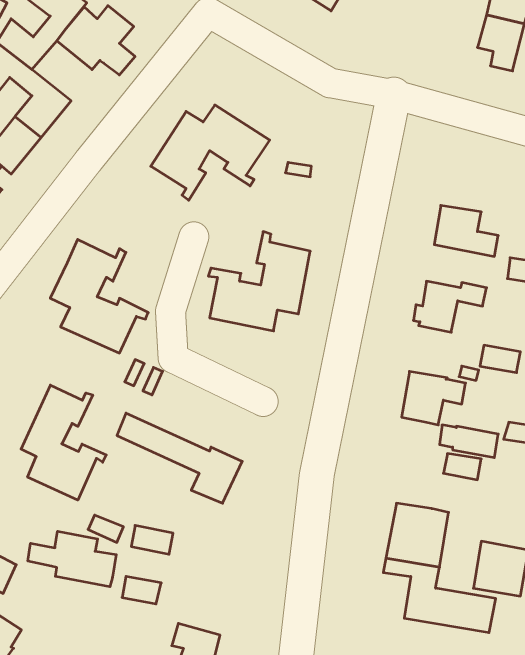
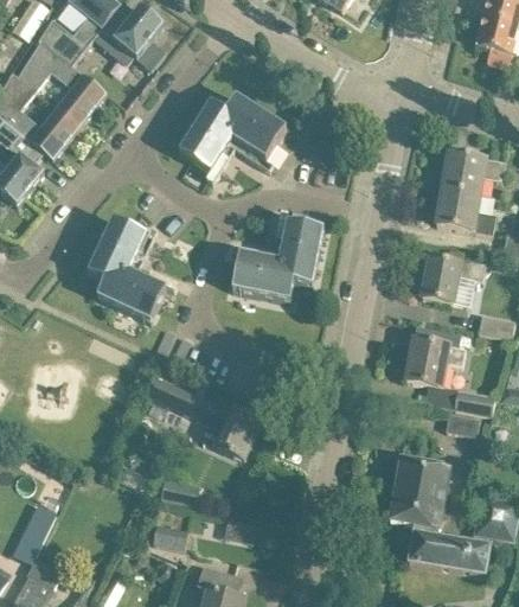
building: none -> [441,151,504,193]
building: [21,385,106,500] -> none
building: [28,531,116,587] -> none

